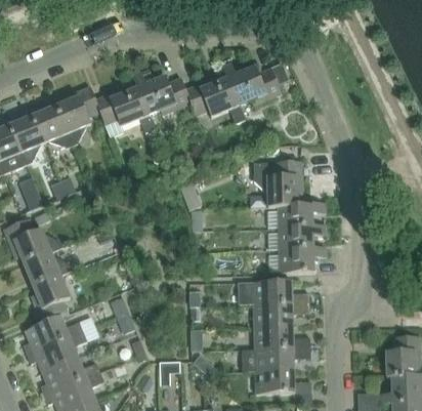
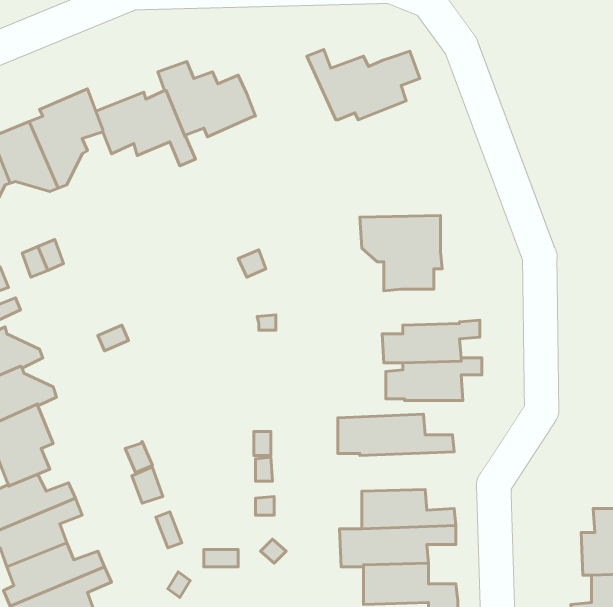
building: [185,78,245,123] -> none
building: [266,203,325,228] -> none
building: [253,303,309,327] -> none

